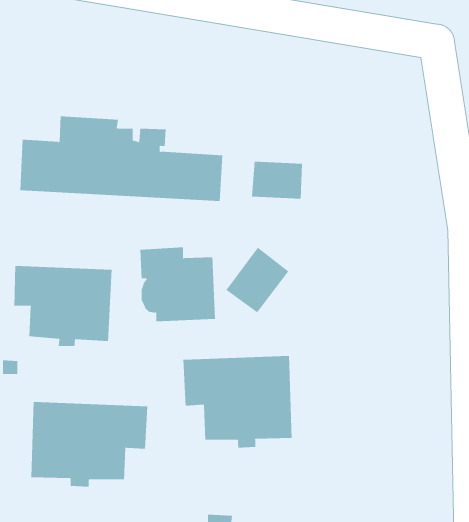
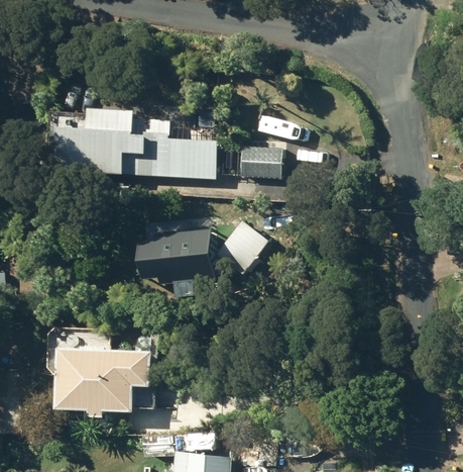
building: [14,265,112,347] -> none
building: [183,355,292,449] -> none

